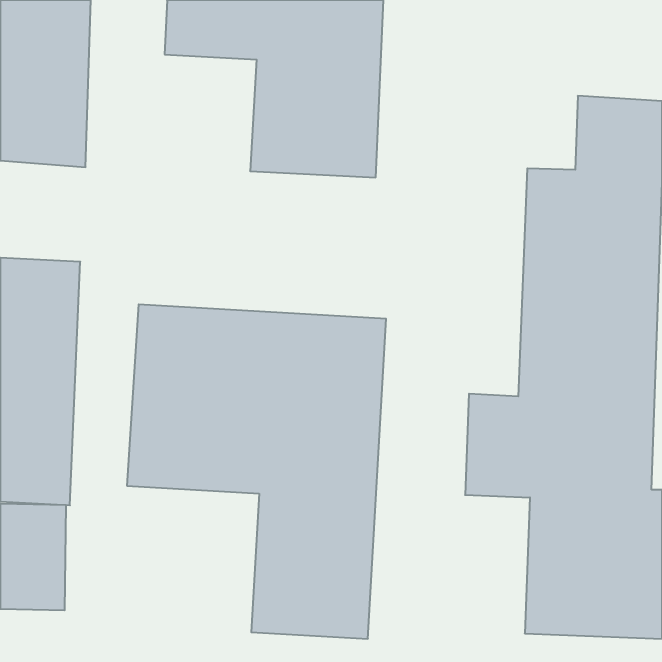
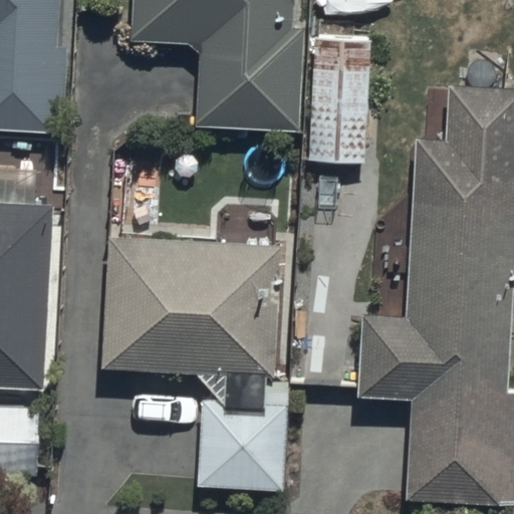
building: none -> [307,28,367,154]

